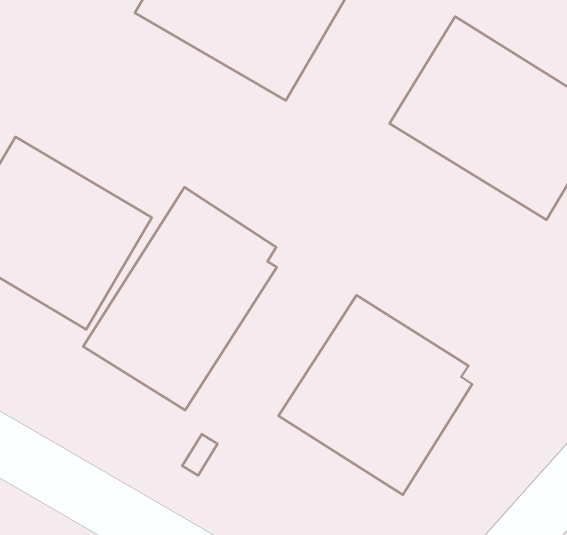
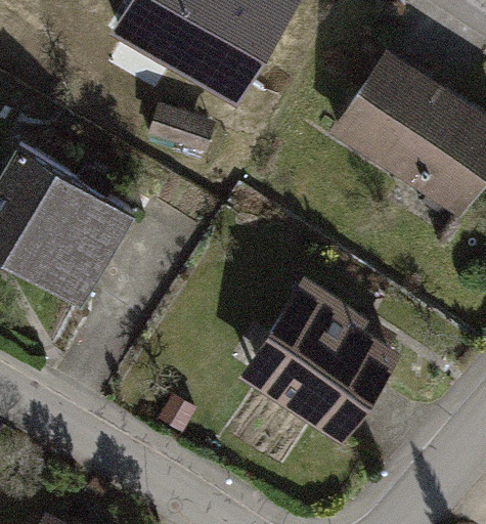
building: [83,187,277,410] -> none

